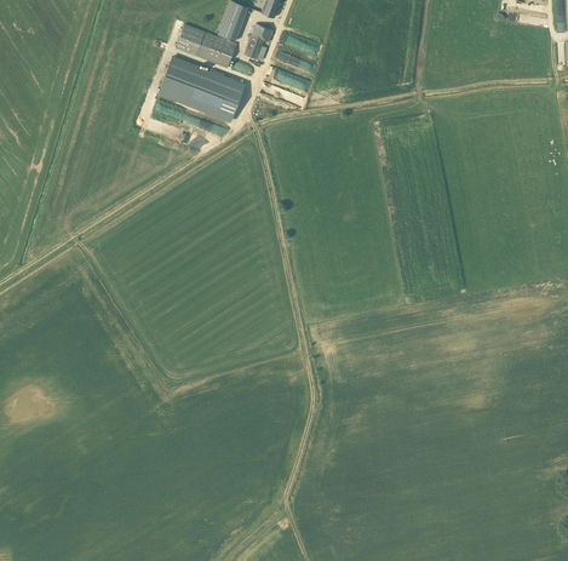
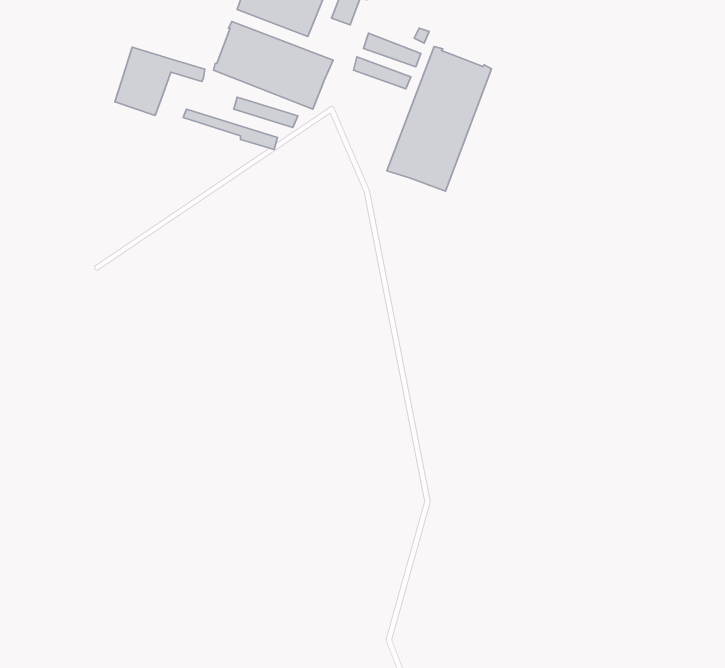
building: none -> [387,47,491,191]
building: none -> [115,47,205,115]

